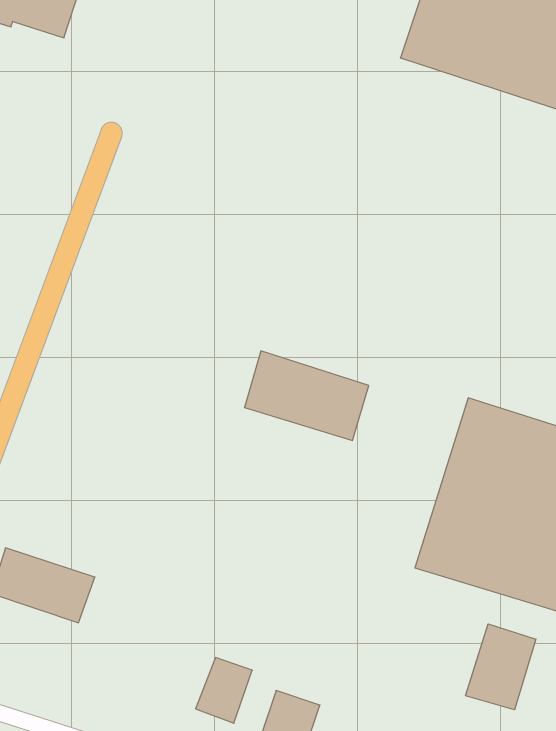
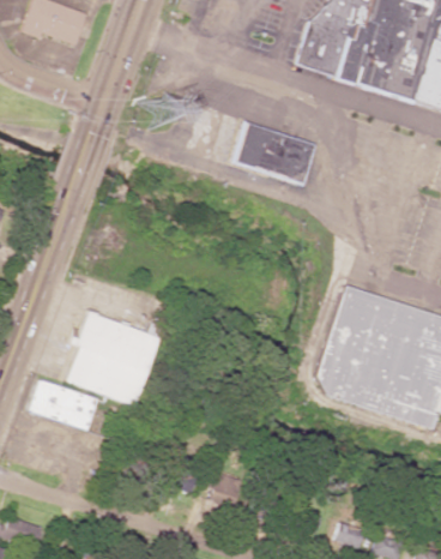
building: [244,351,369,440] -> [232,125,314,184]
building: none -> [66,314,157,405]
building: [466,624,536,710] -> none

